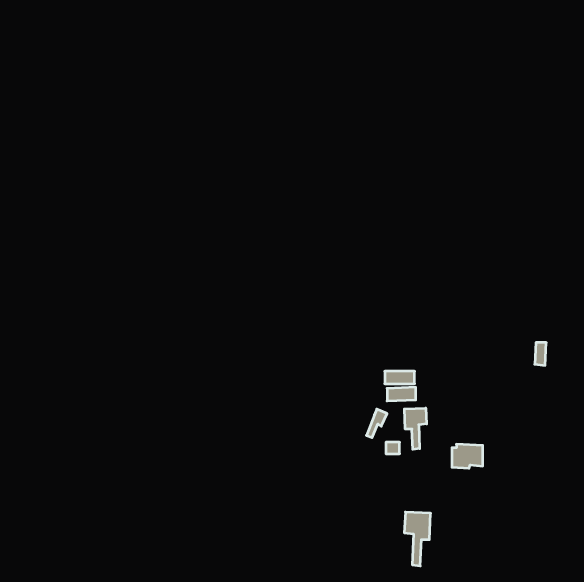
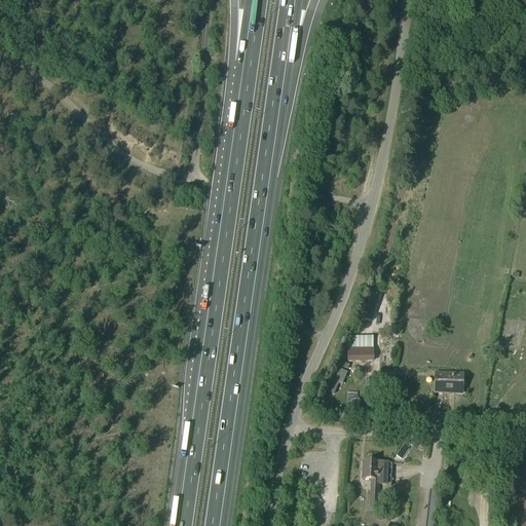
building: [404,408,427,449] -> none
building: [452,444,483,468] -> [436,371,463,392]

